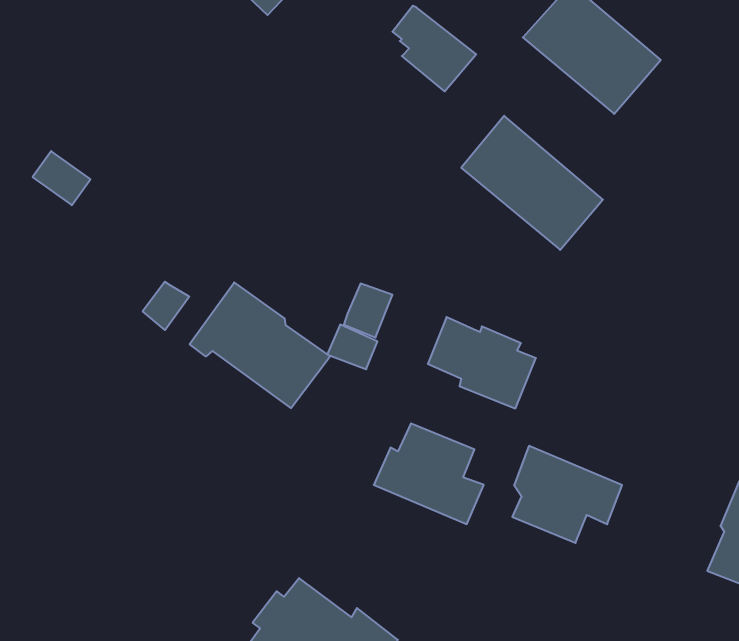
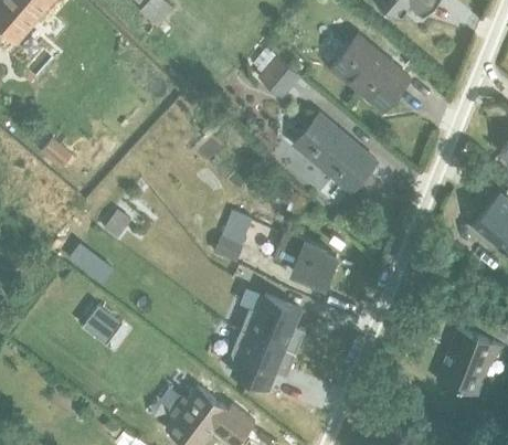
building: [190,282,330,408] -> none
building: none -> [74,247,113,284]
building: none -> [83,306,121,343]
building: [512,446,622,543] -> [230,331,295,389]

